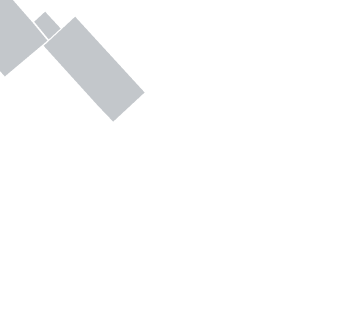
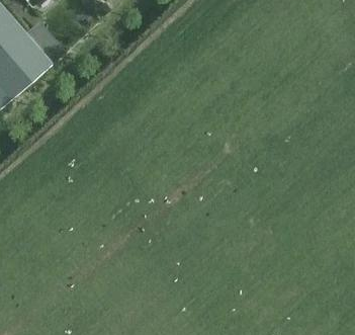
building: [43,16,146,123] -> none

